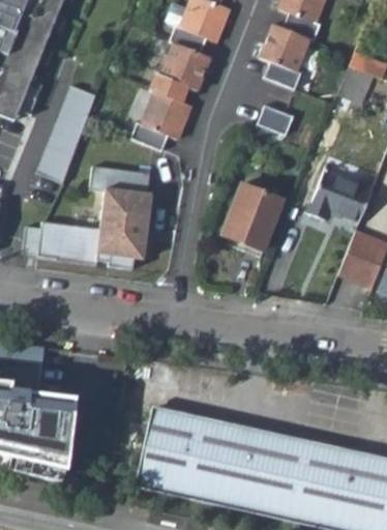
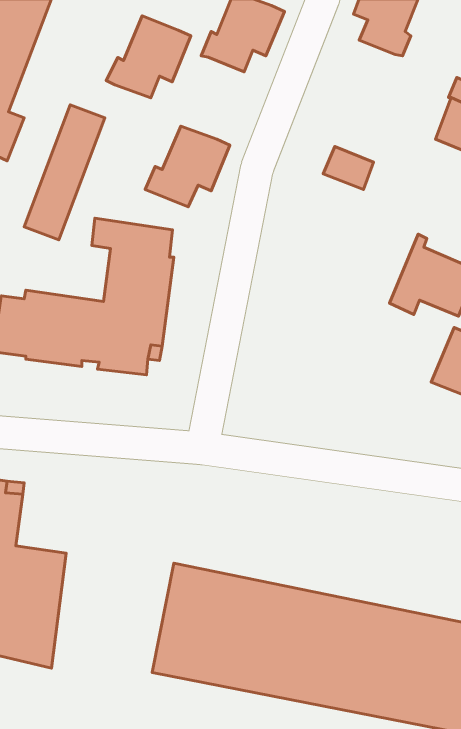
building: [261,26,310,90] -> none
building: [150,42,211,101] -> [106,16,191,98]
building: [222,187,284,260] -> none

